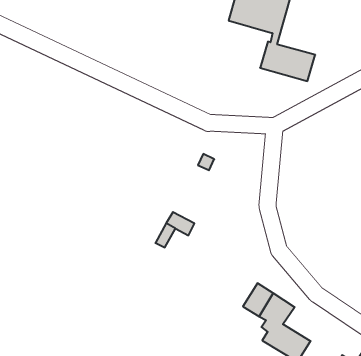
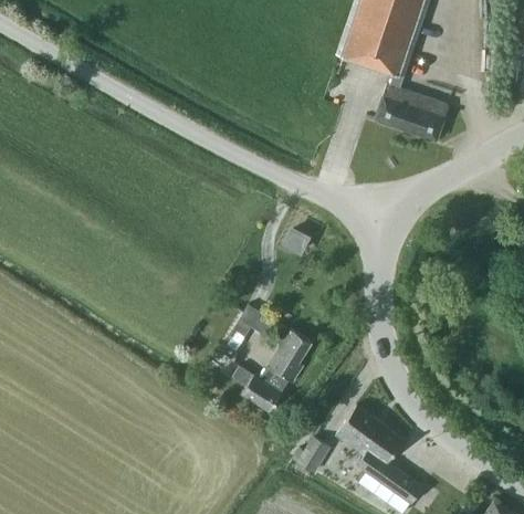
building: none -> [232,328,312,412]
building: none -> [291,436,329,472]

